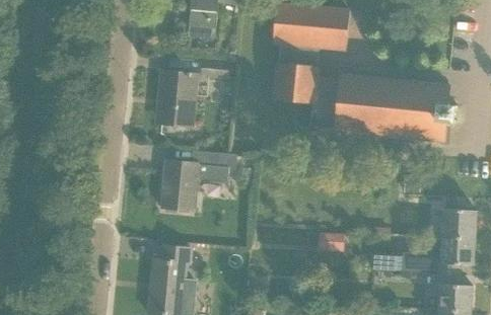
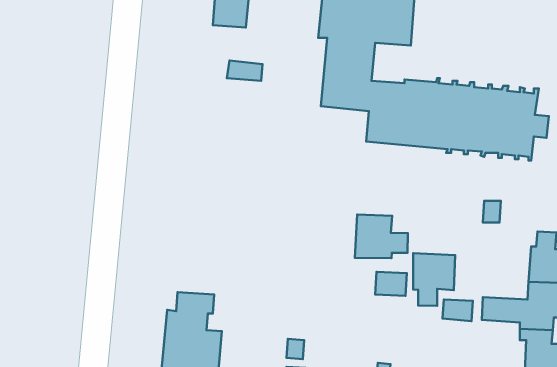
building: [155,73,197,129] -> none
building: [160,149,237,213] -> none
building: none -> [355,214,408,258]
building: none -> [413,253,455,306]

